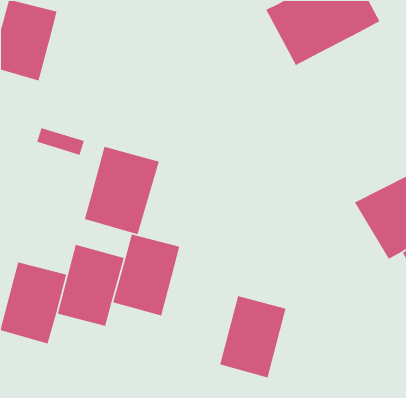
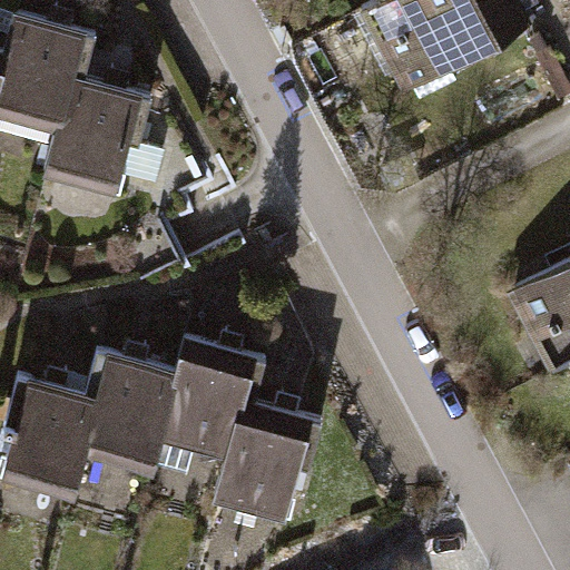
building: none -> [47,73,141,189]
building: [84,146,160,235] -> none
building: [219,295,286,378] -> [218,401,312,517]

